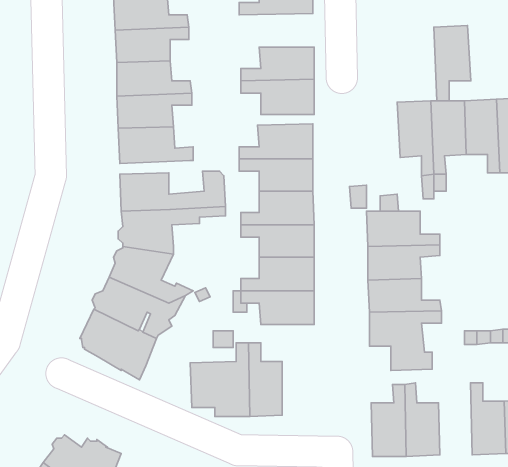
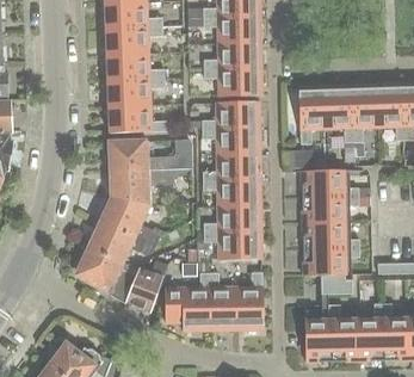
building: none -> [202,16,260,42]
building: [434,26,471,101] -> [298,85,327,143]
building: none -> [124,260,165,310]
building: none -> [235,271,261,328]
building: none -> [357,303,383,359]

